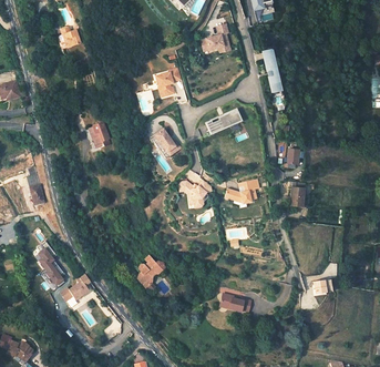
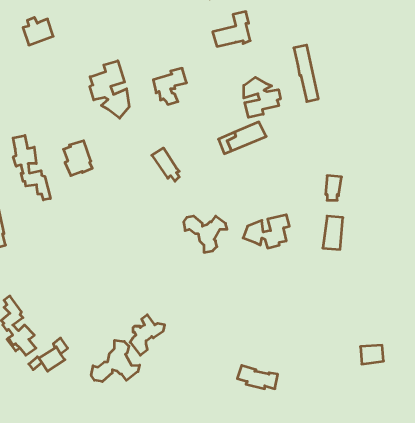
building: none -> [90,61,129,118]
building: none -> [244,77,280,117]
building: none -> [13,135,50,200]
building: none -> [91,340,140,382]

